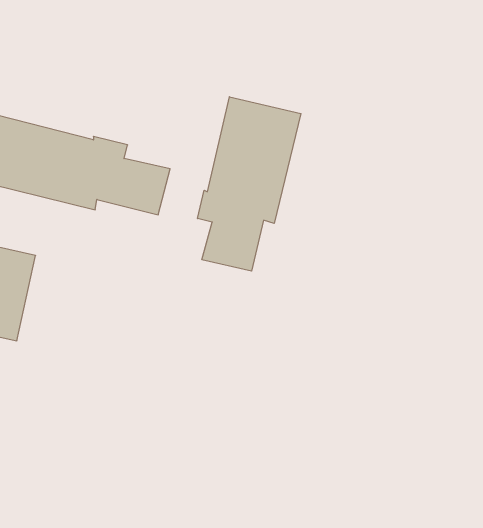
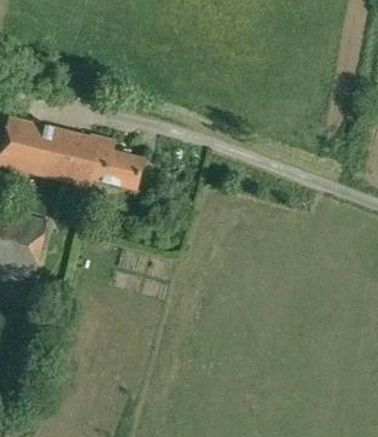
building: [198,97,301,271] -> none

